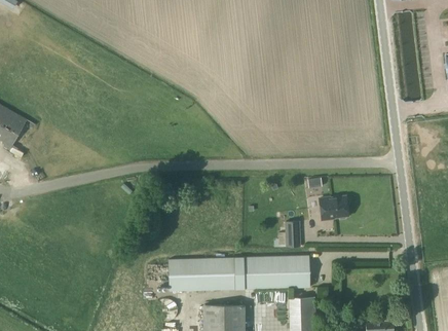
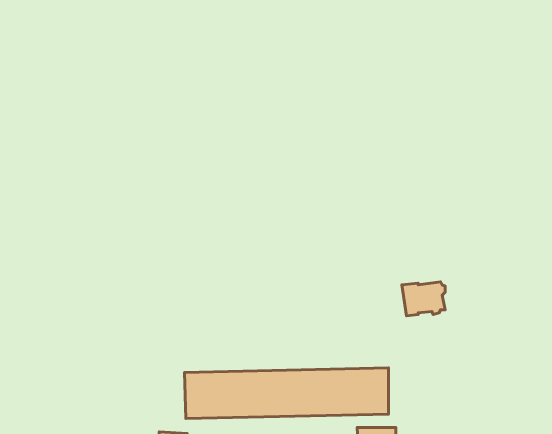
building: [284,220,299,247] -> none

